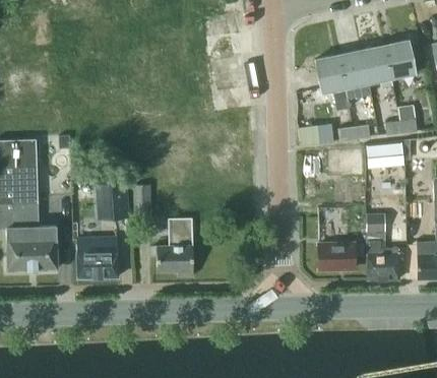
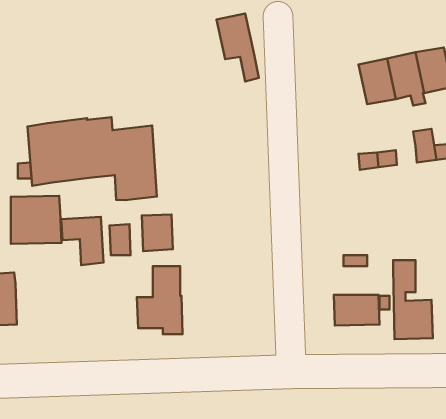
building: [315,55,350,111] -> [217,13,259,81]
building: none -> [28,117,157,200]
building: [367,142,403,168] -> none
building: none -> [142,215,173,251]
building: [77,239,119,278] -> [11,196,62,244]

